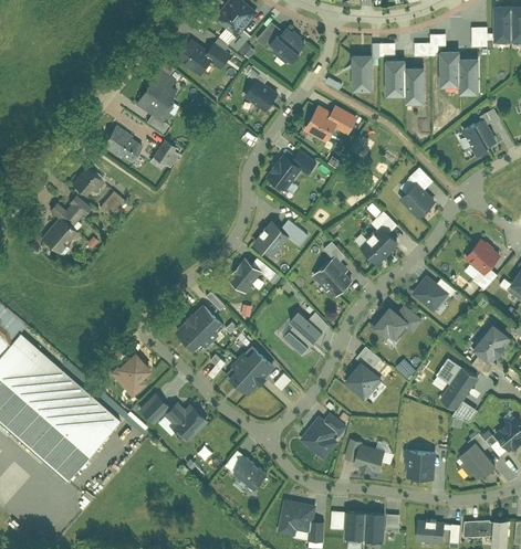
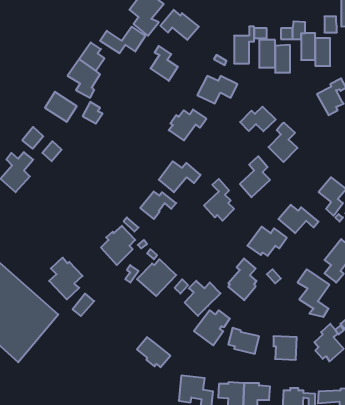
building: none -> [240,107,276,131]
building: [282,310,330,357] -> [185,281,221,316]
building: [165,401,209,443] -> none

